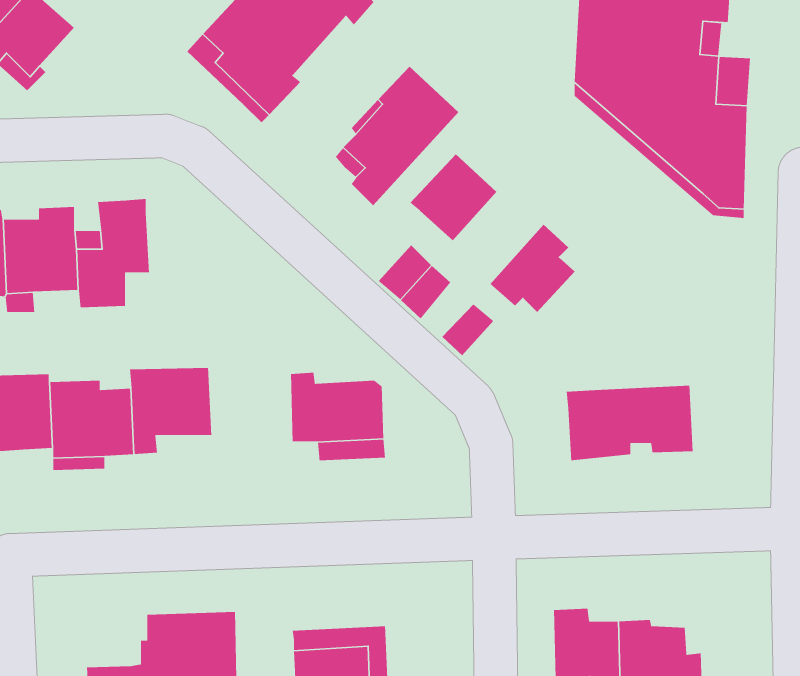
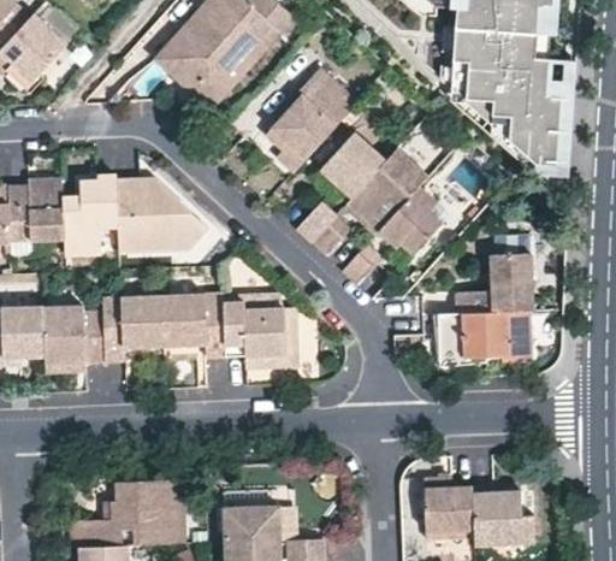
building: none -> [345,153,425,234]
building: none -> [118,177,211,250]
building: none -> [455,252,532,313]
building: none -> [165,294,227,354]

